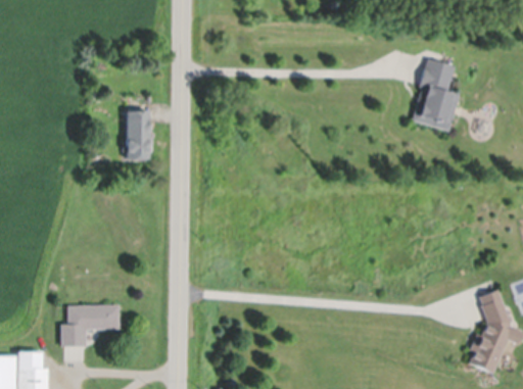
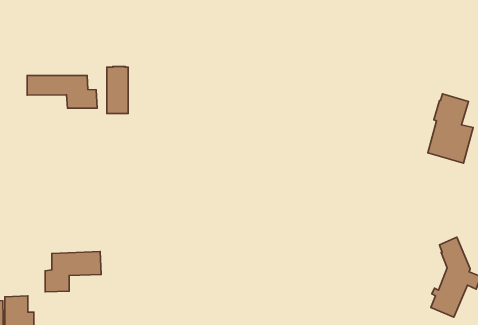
building: [412,58,460,132] -> [428,94,473,163]
building: none -> [27,75,97,108]

